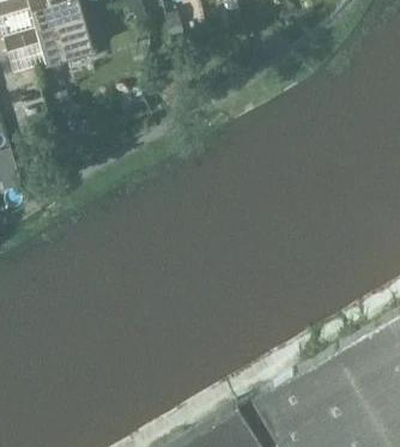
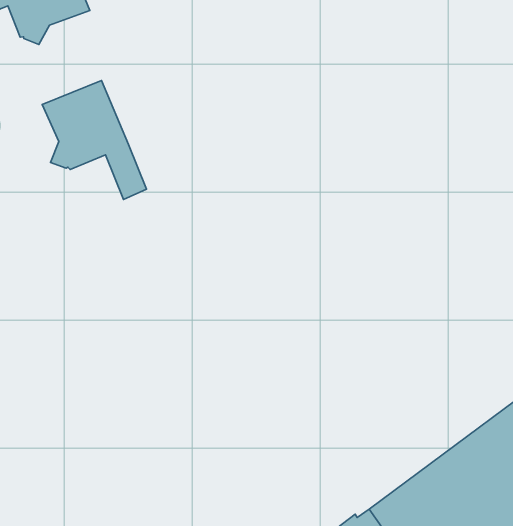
building: none -> [42,81,147,199]

